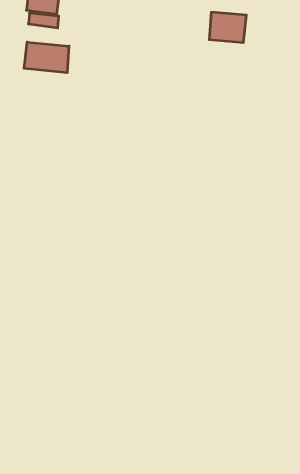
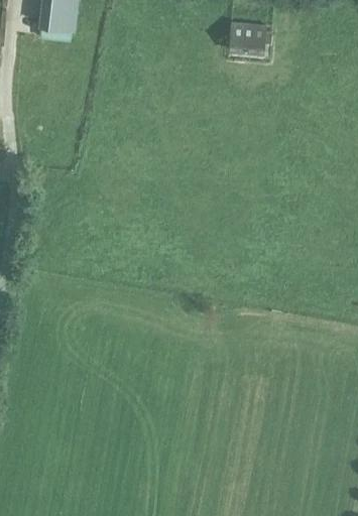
building: [24,42,69,73] -> none

